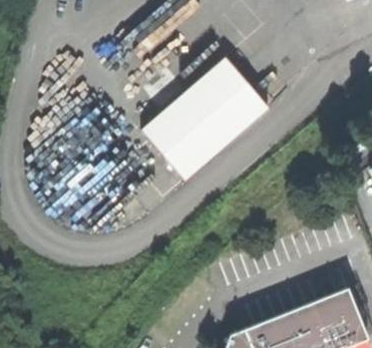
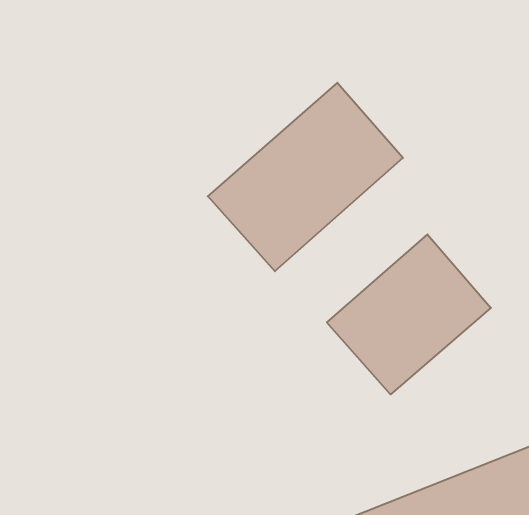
building: none -> [327,234,491,394]

